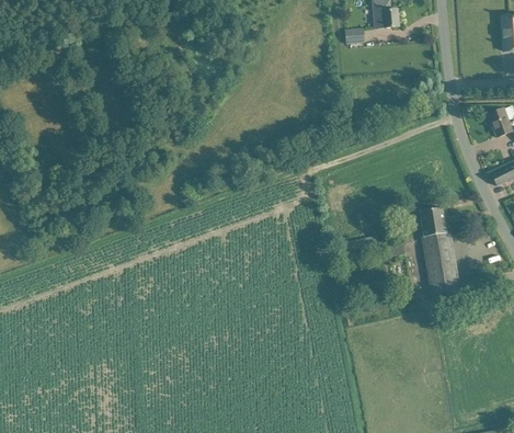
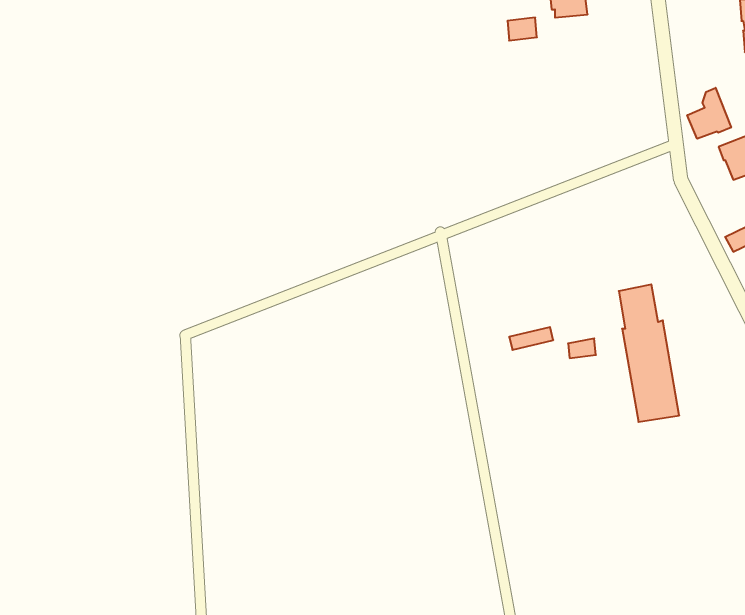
building: none -> [687,88,731,139]

